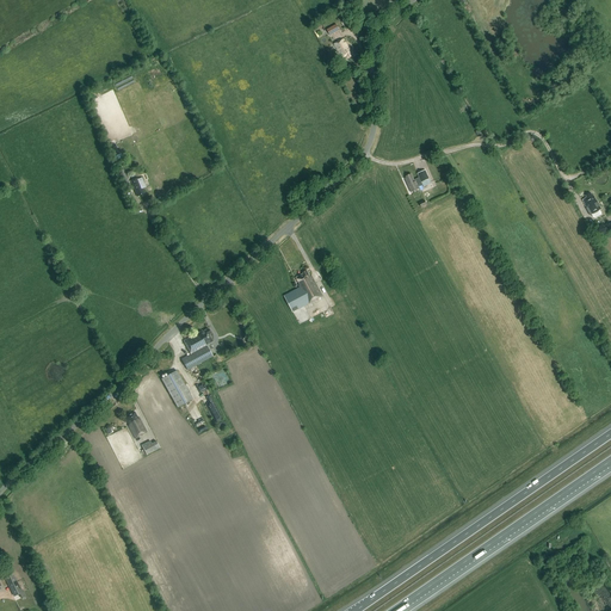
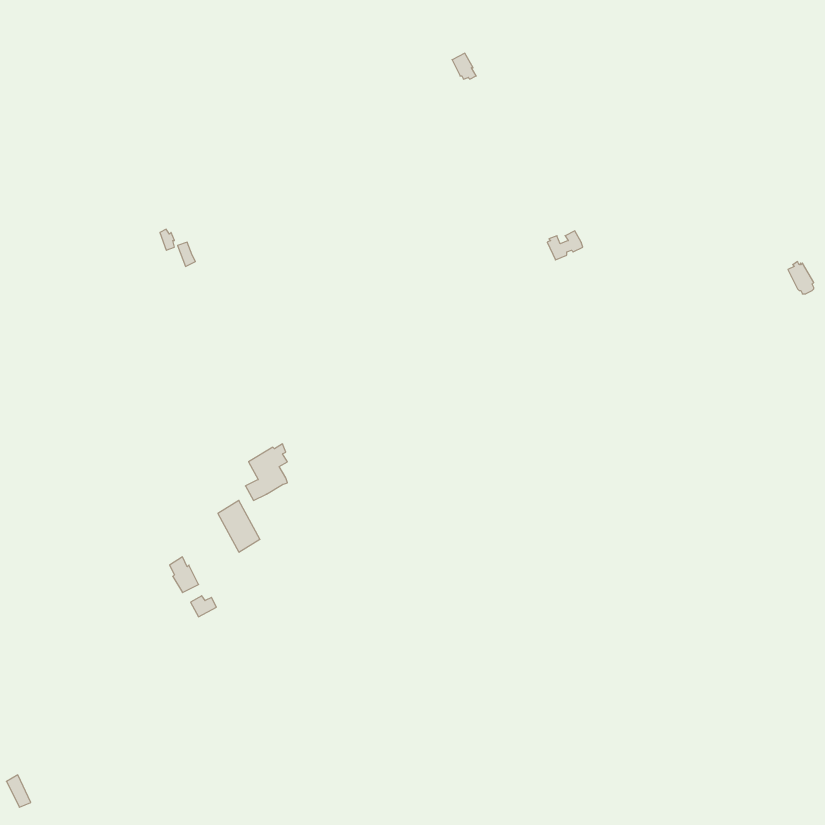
building: [284,271,322,311] -> none

